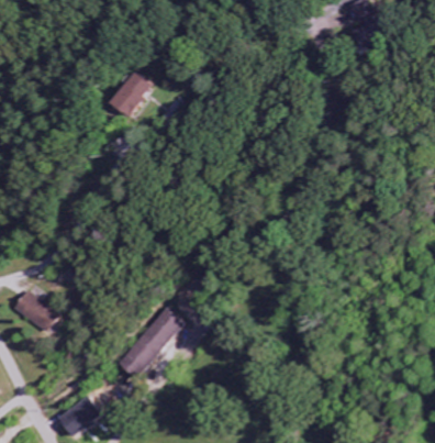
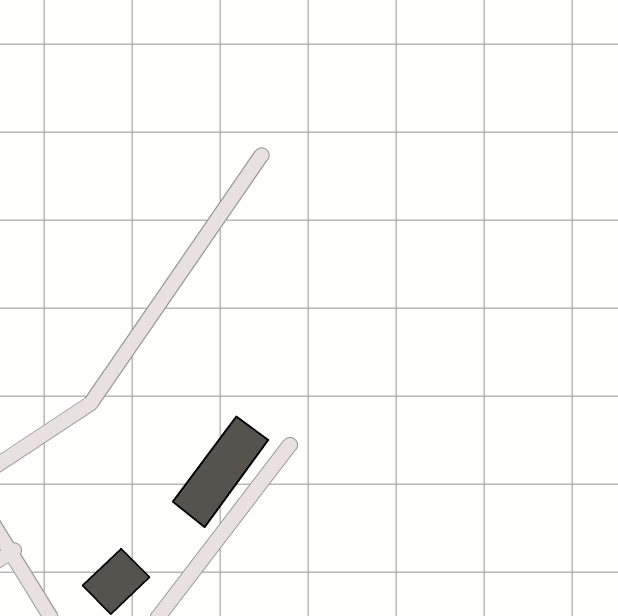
building: [114,73,152,114] -> none
building: [10,291,58,332] -> none

